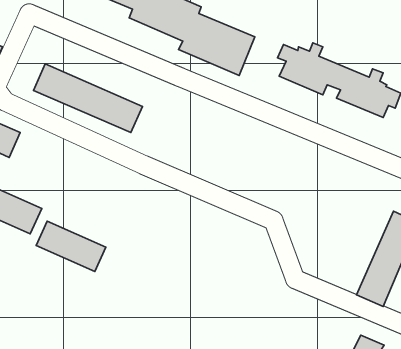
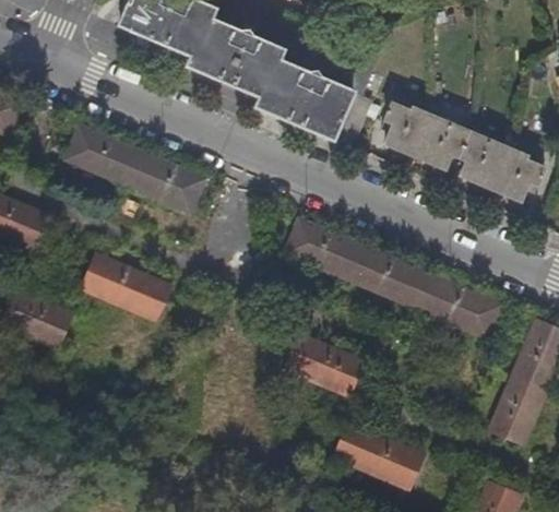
building: none -> [287,222,500,342]
building: [36,221,106,272] -> [83,255,174,321]
building: none -> [288,334,367,394]
building: none -> [336,421,423,485]

